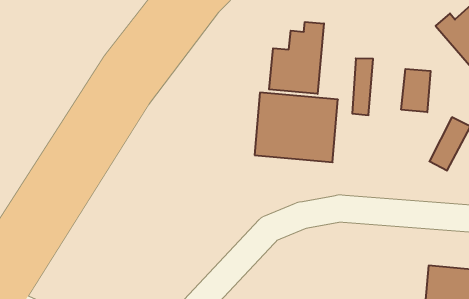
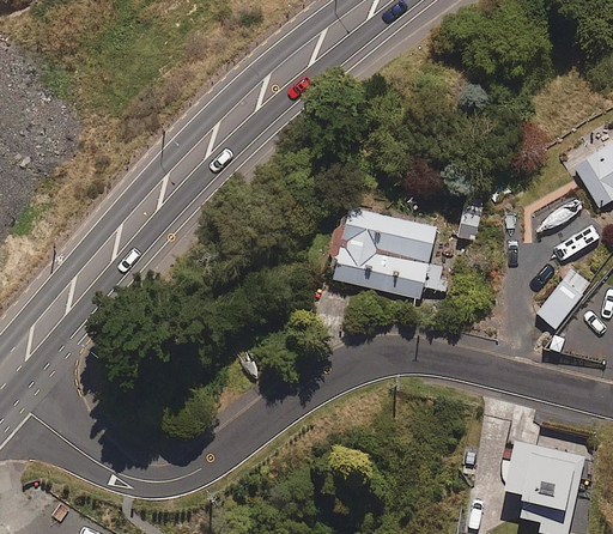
building: [269,22,324,94] -> none
building: [401,69,431,112] -> none

